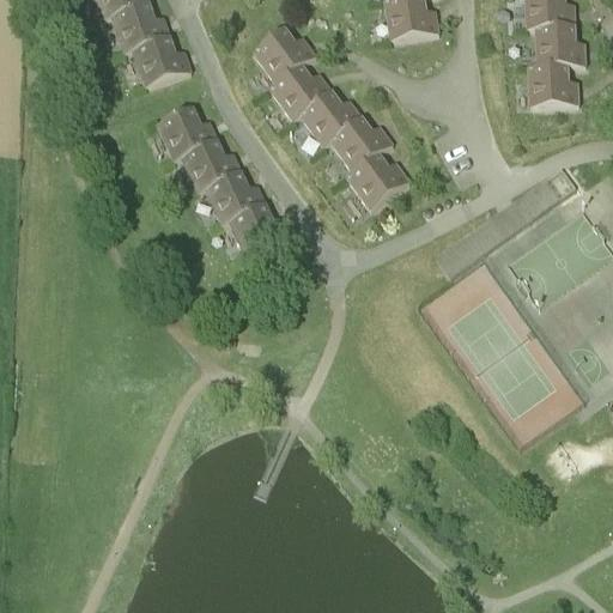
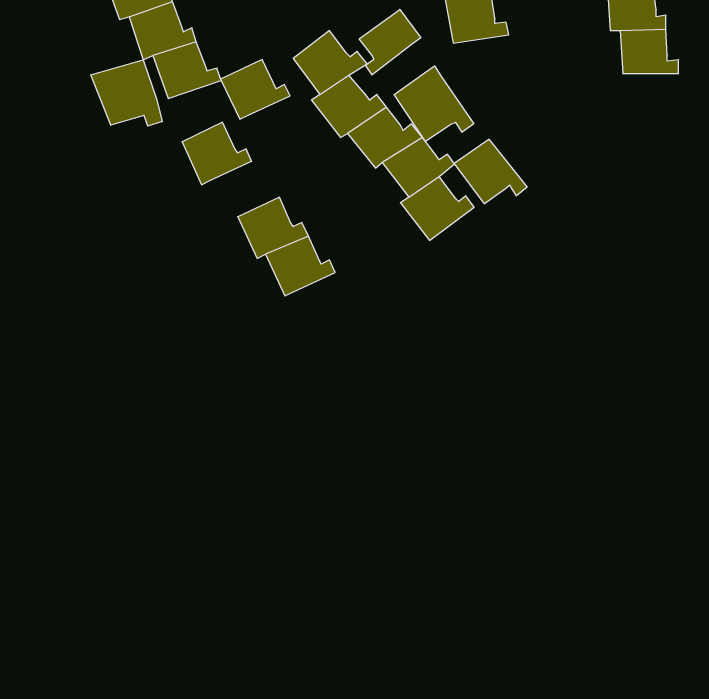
building: none -> [359,9,421,75]
building: none -> [91,60,162,126]
building: none -> [394,66,474,142]
building: [527,63,577,105] -> none
building: none -> [454,139,527,204]
building: [181,139,241,190] -> [221,60,290,119]

